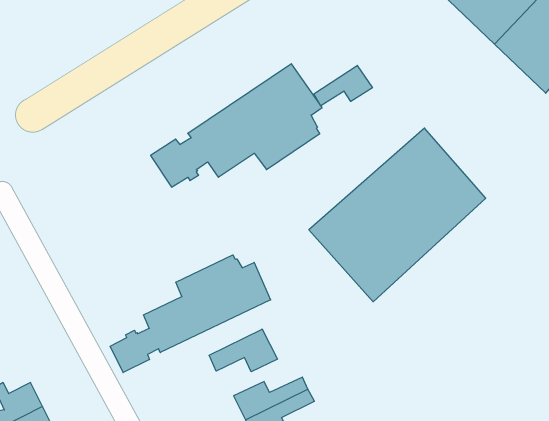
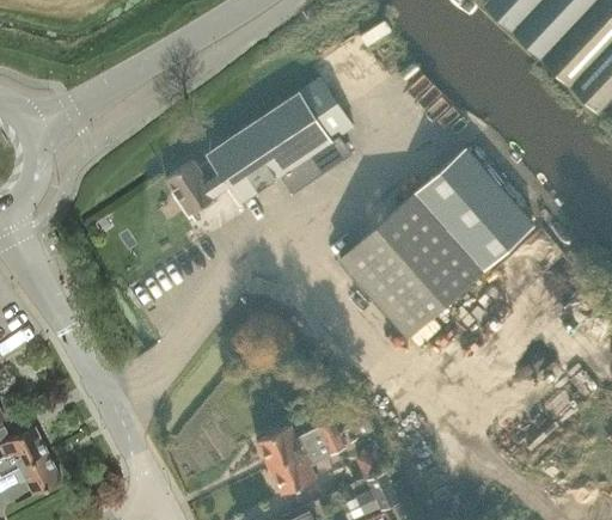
building: [314,65,372,106] -> none
building: [110,255,271,373] -> none
building: [209,329,278,372] -> none

